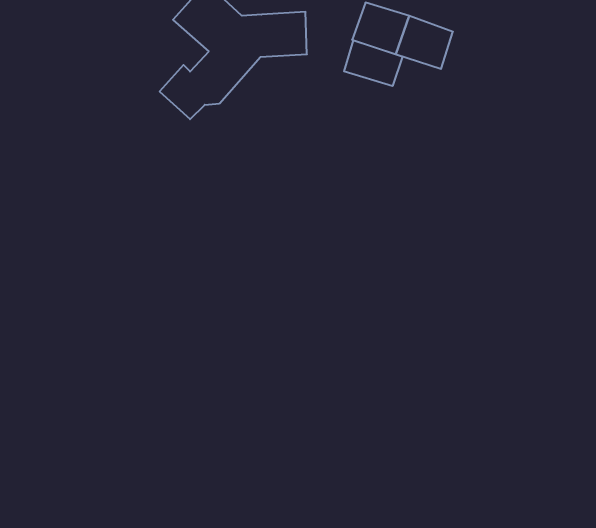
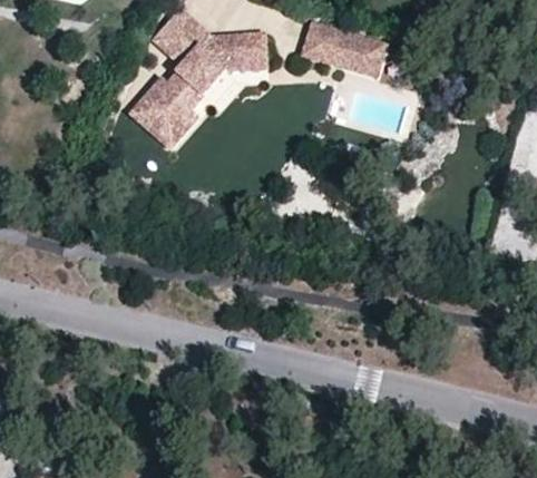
building: [344,40,402,86] -> none
building: none -> [129,98,198,147]

